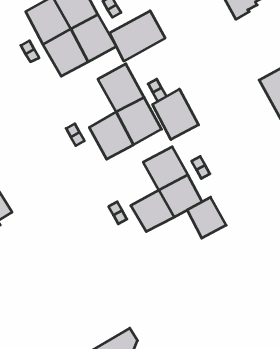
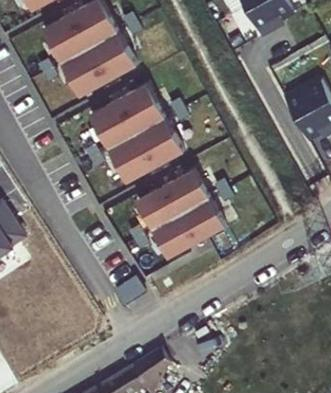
building: [109,11,165,61] -> none
building: none -> [89,98,136,148]
building: [153,89,199,140] -> none
building: none -> [136,184,180,229]
building: [187,197,226,238] -> none

